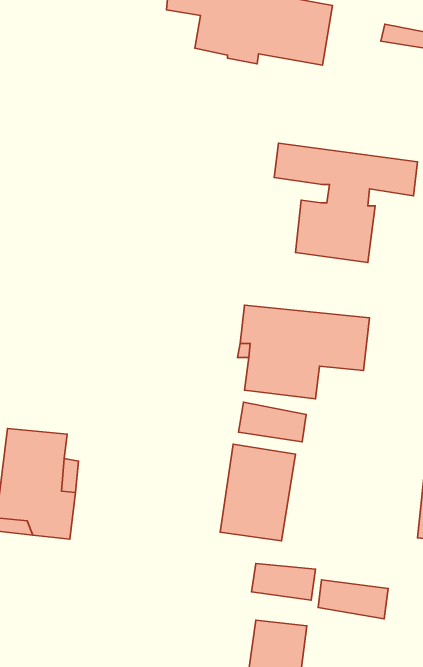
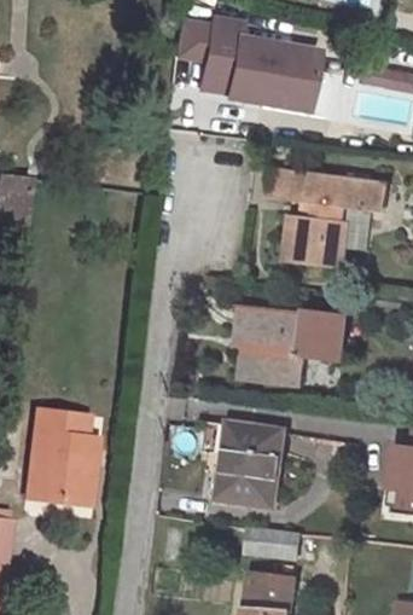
building: [239,402,306,442] -> none
building: [318,580,388,619] -> none

